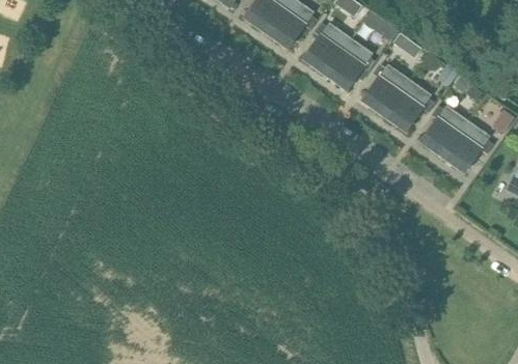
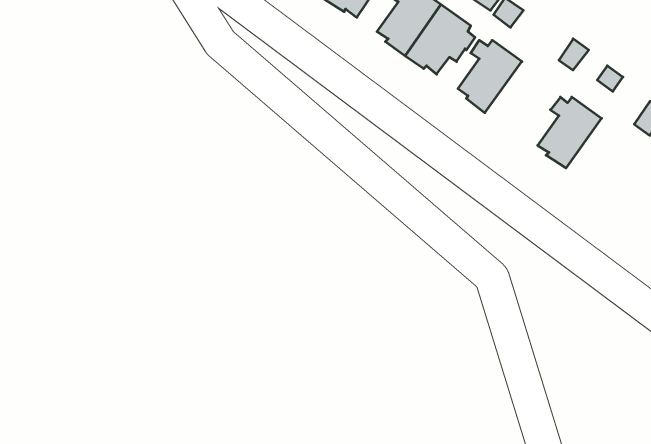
building: [382,79,434,130] -> none
building: [441,120,492,170] -> none

